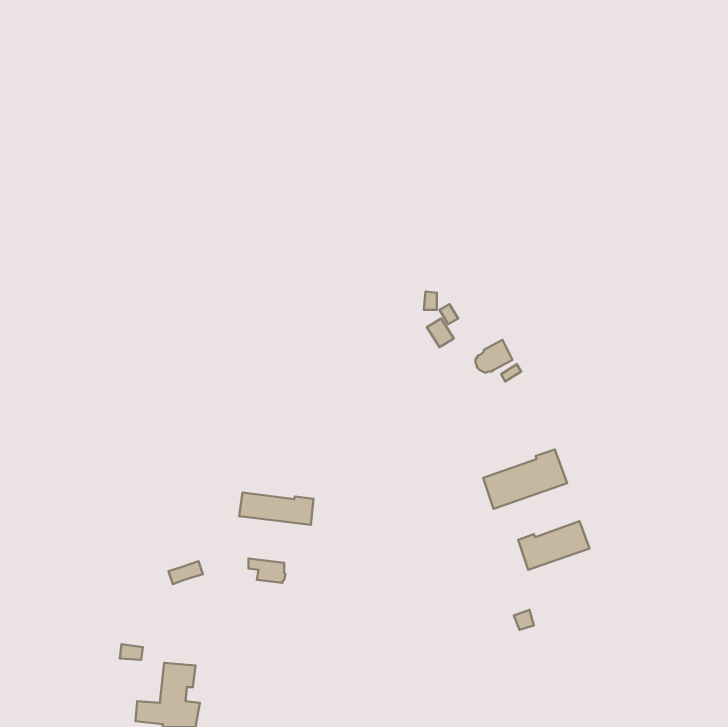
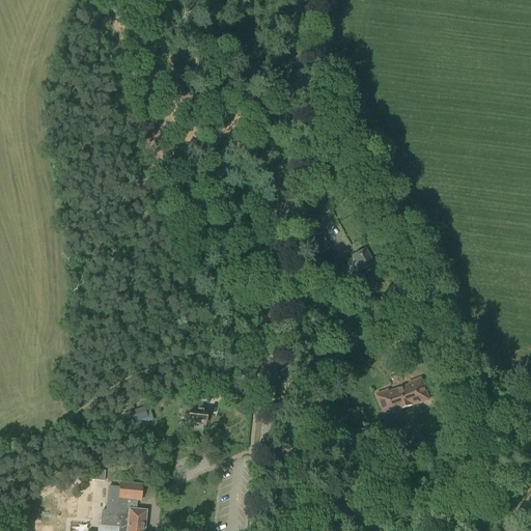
building: [483,449,567,509] -> none
building: [239,493,313,525] -> none

